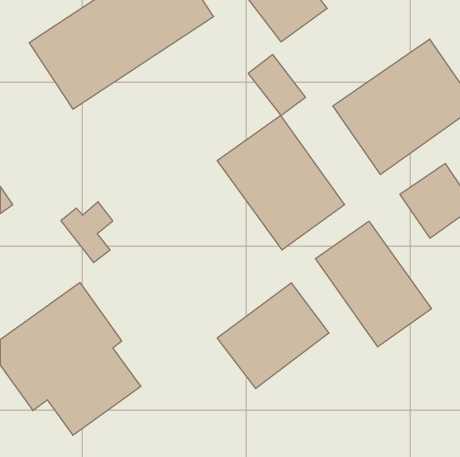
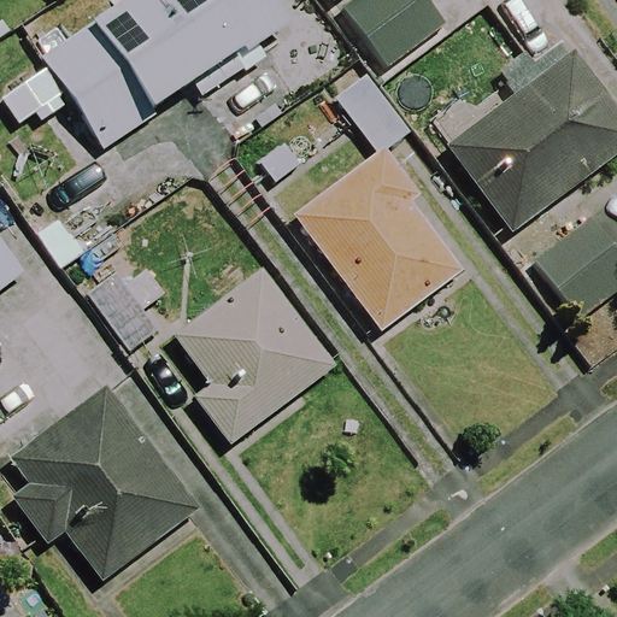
building: none -> [175,270,334,443]
building: [316,221,431,347] -> none
building: [217,283,329,389] -> none

